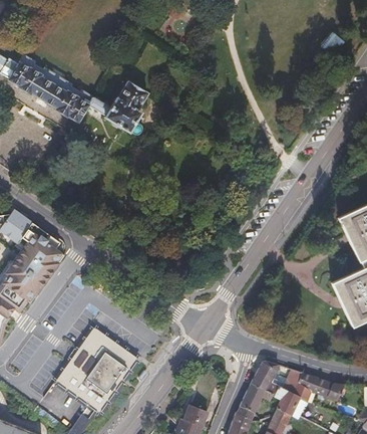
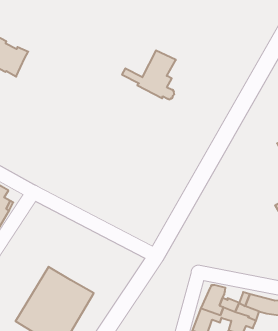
building: [88,81,146,135] -> [122,50,176,99]

